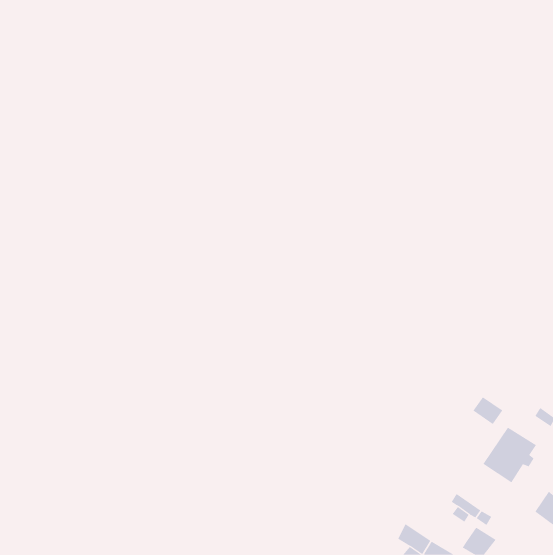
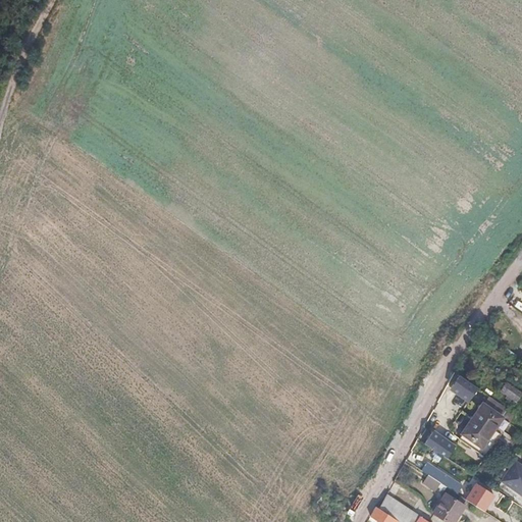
building: none -> [419,427,450,455]
building: none -> [469,484,495,511]

